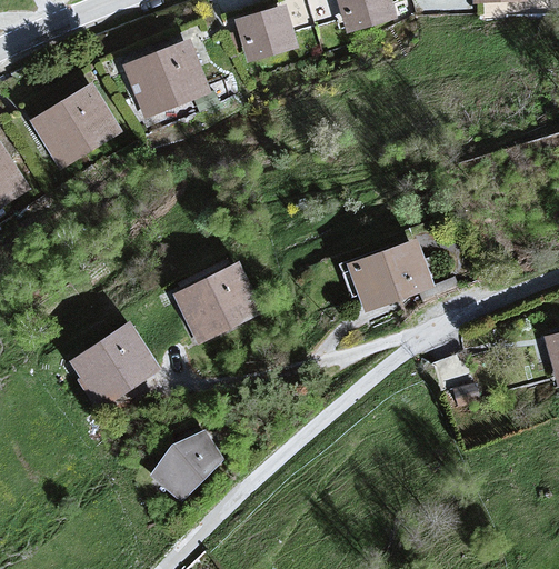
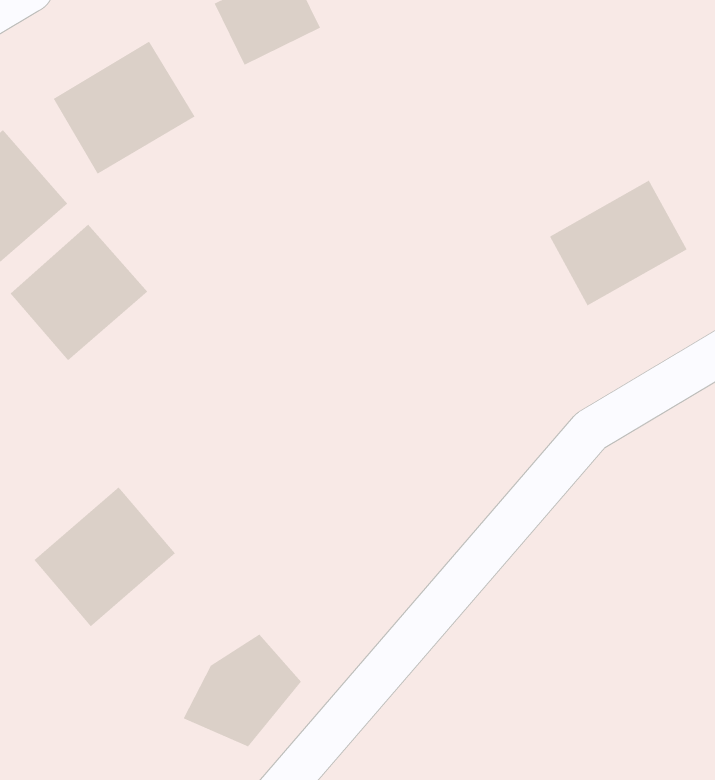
building: none -> [10,224,148,361]
building: [346,236,432,310] -> [549,180,687,306]
building: [173,260,264,342] -> none

